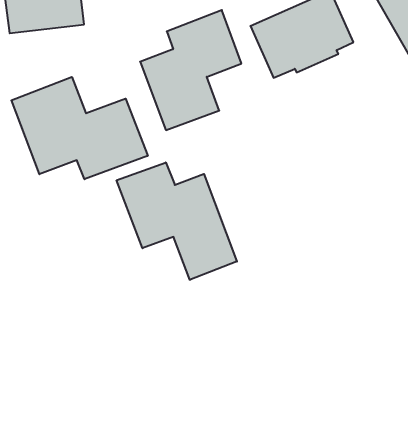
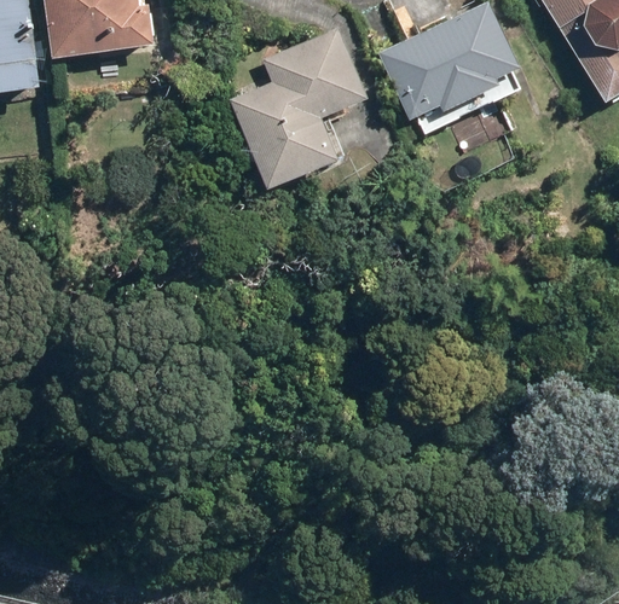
building: [11,77,148,179] -> none
building: [117,162,237,280] -> none

